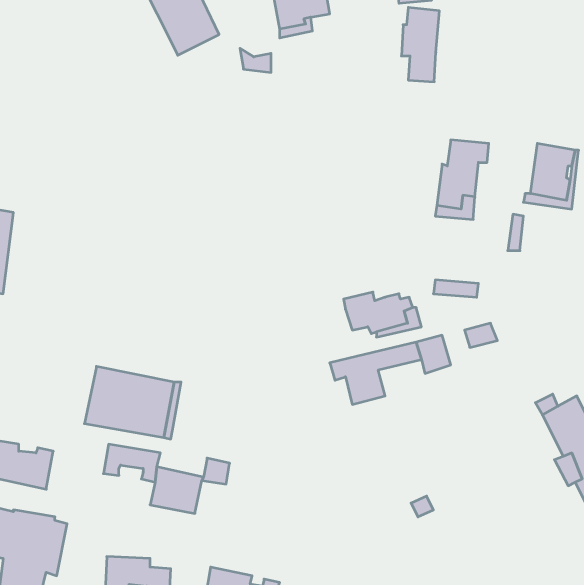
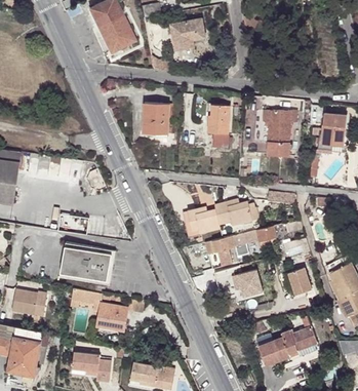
building: [401,7,439,82] -> [209,103,232,147]
building: none -> [143,102,169,132]
building: none -> [178,208,218,235]
building: none -> [288,267,312,294]
building: none -> [243,270,269,297]
building: none -> [257,325,316,366]

